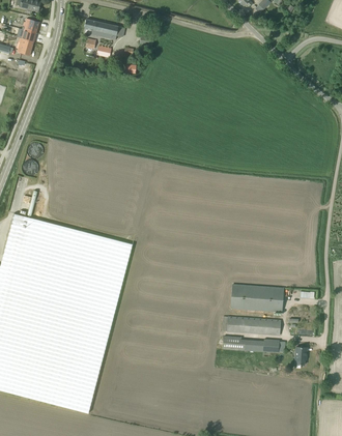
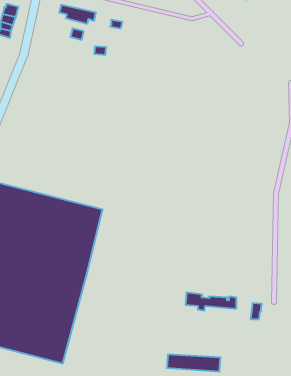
building: [230,283,284,312] -> none
building: [222,316,281,335] -> [167,355,221,372]

